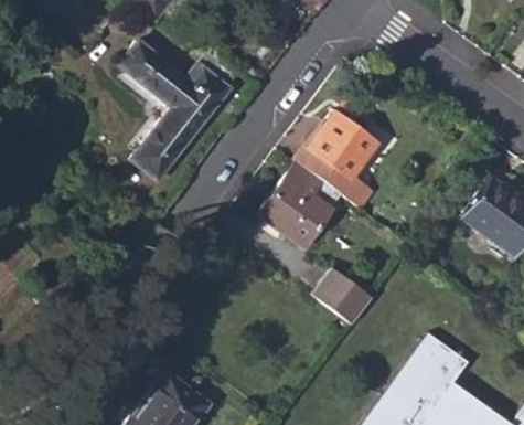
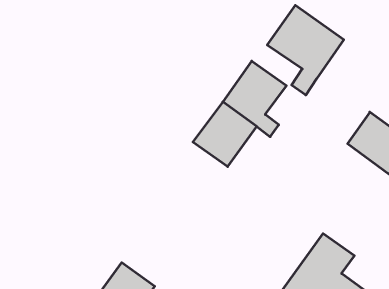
building: none -> [267,5,344,95]
building: [120,41,239,177] -> none
building: [312,267,372,323] -> none

